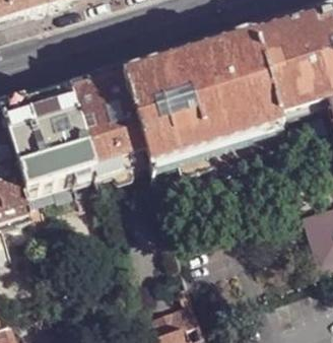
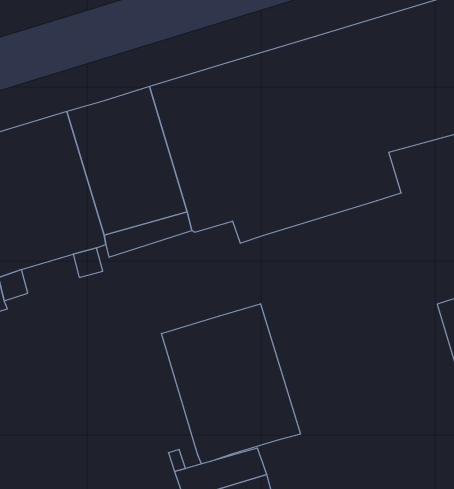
building: none -> [161,304,301,464]

